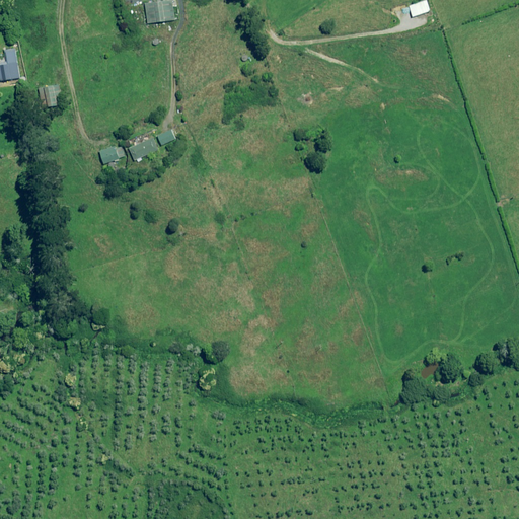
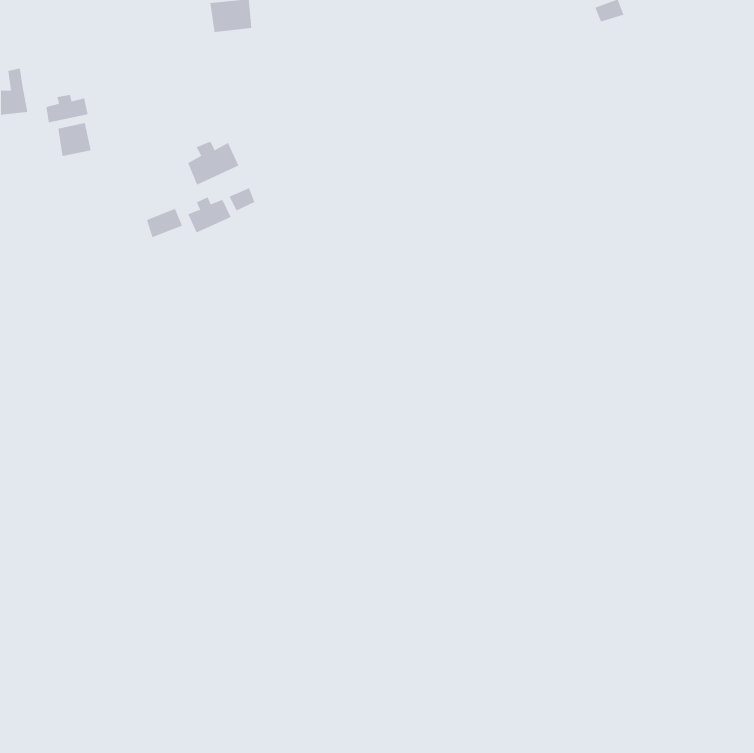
building: none -> [46,94,88,123]
building: none -> [187,141,239,186]

